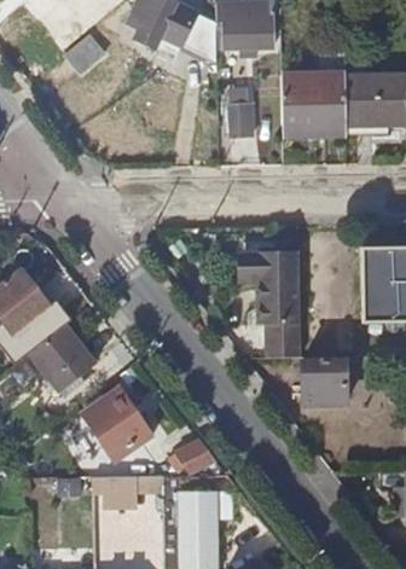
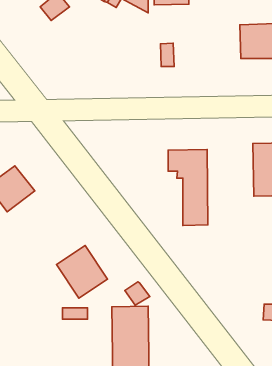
building: [280,77,343,139] -> none
building: [33,326,98,391] -> none
building: [290,358,353,407] -> none

